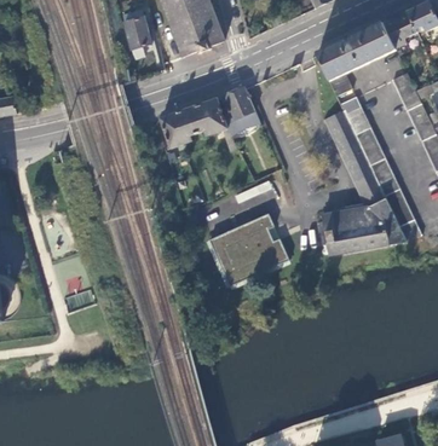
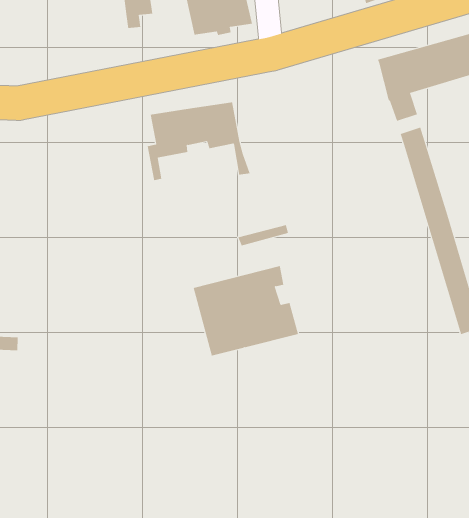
building: [218,87,260,135] -> none
building: [322,111,407,256] -> none

